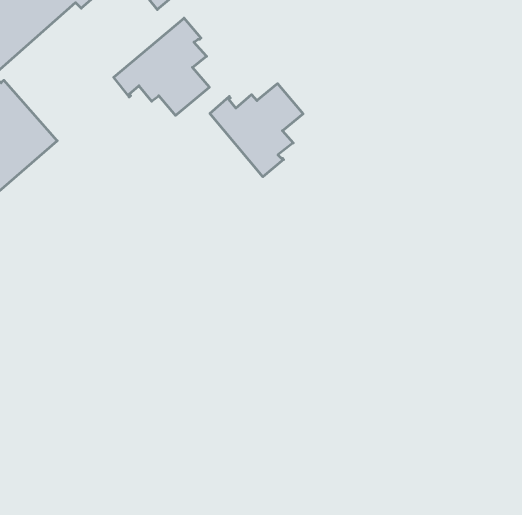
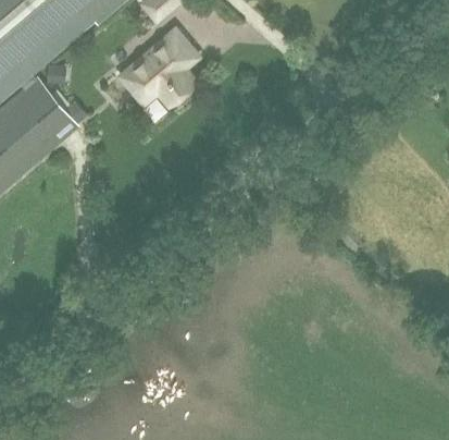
building: [210,84,303,177] -> none

